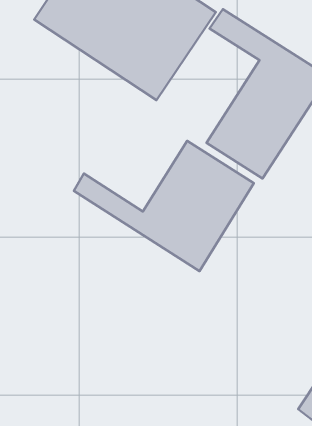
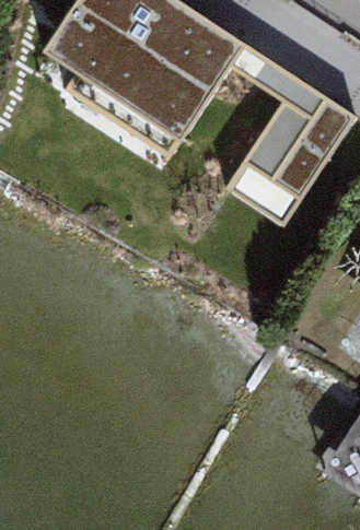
building: [74,141,254,271] -> none

